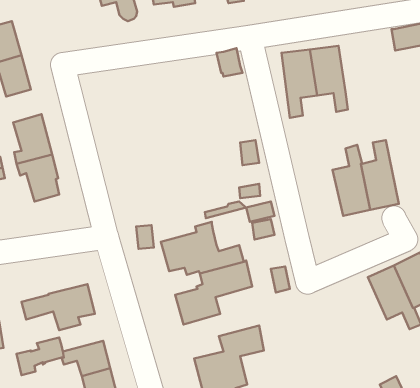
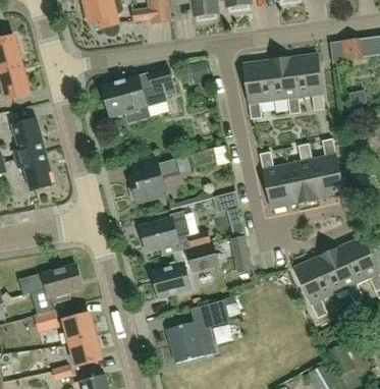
building: none -> [292,53,325,110]
building: none -> [102,68,176,122]
building: none -> [260,152,296,209]
building: none -> [128,155,189,203]
building: none -> [294,257,334,318]

